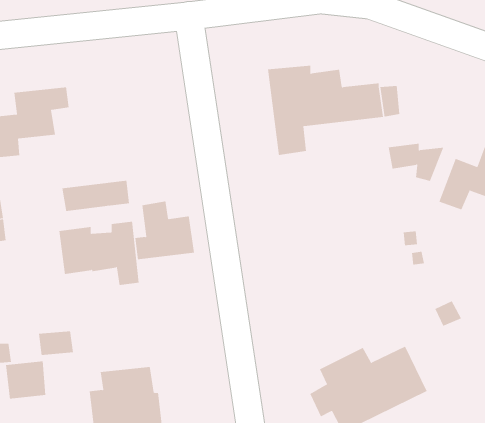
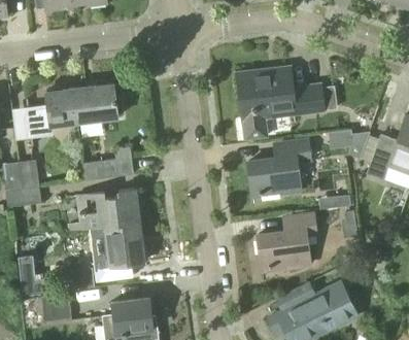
building: none -> [75,82,118,123]
building: none -> [248,137,312,201]
building: [135,201,195,260] -> [100,223,145,267]
building: none -> [258,211,317,267]

